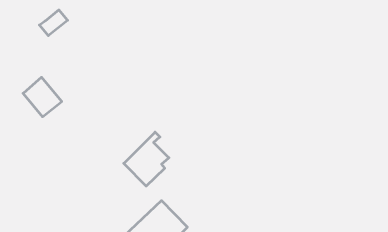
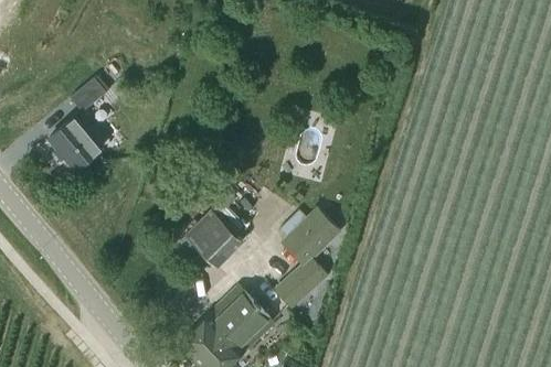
building: [39,10,68,36] -> [68,77,107,112]
building: none -> [276,217,330,306]

